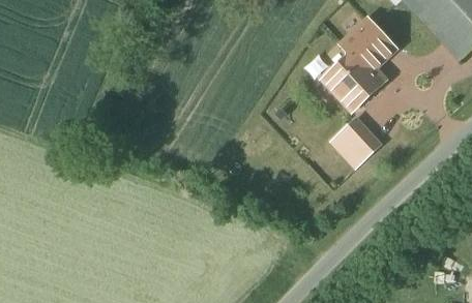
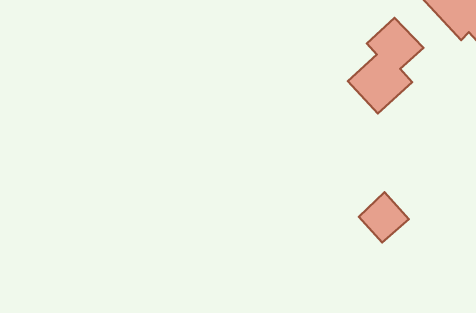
building: [334,116,381,162] -> [359,192,409,242]

